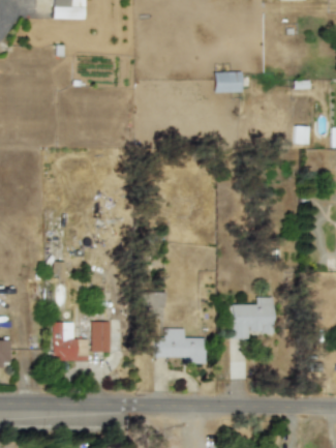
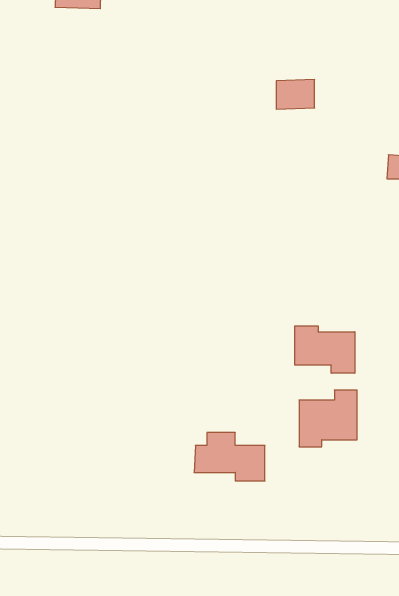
building: none -> [295,326,355,373]
building: [53,321,112,361] -> none

